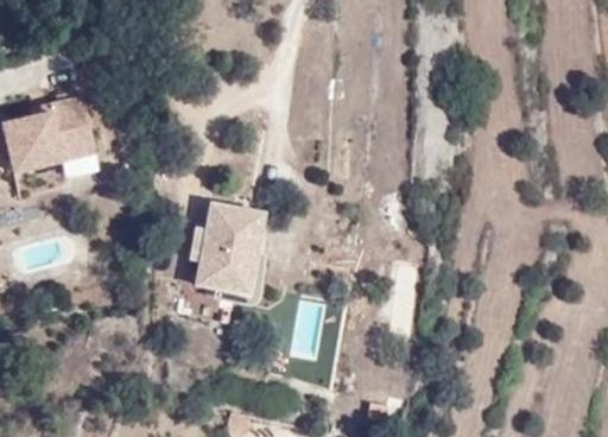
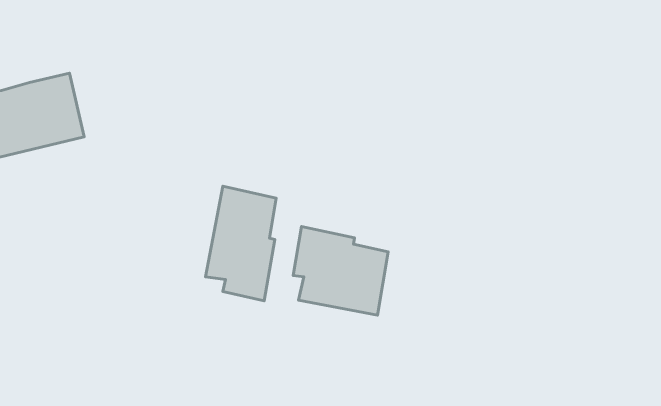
building: none -> [293,226,388,315]

